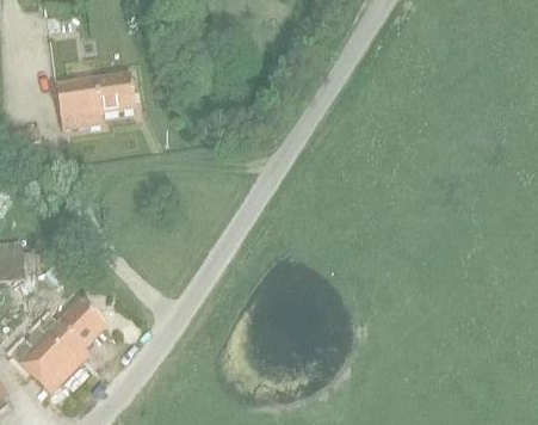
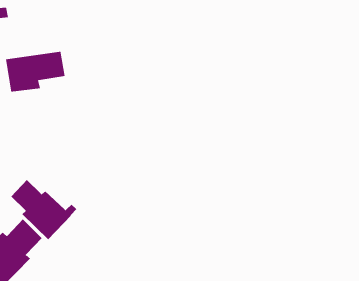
building: none -> [10,179,77,240]

